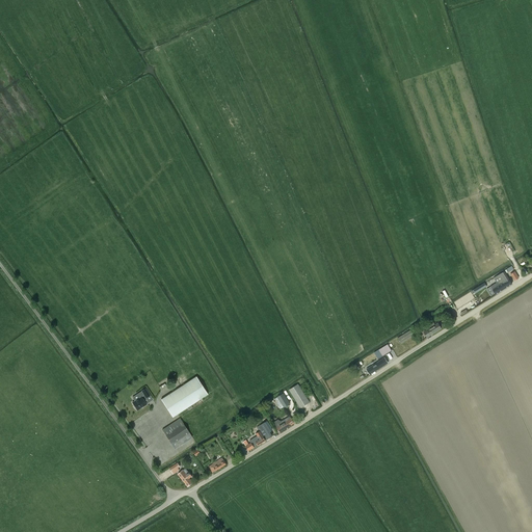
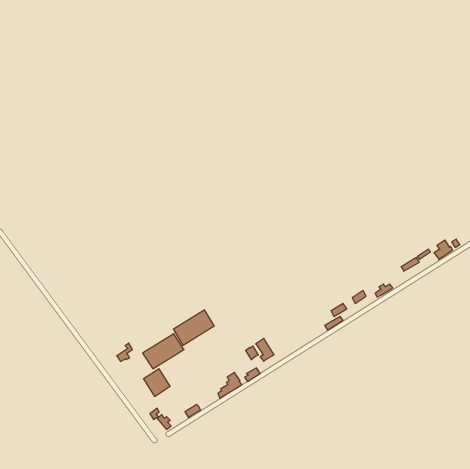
building: none -> [173,310,214,345]

